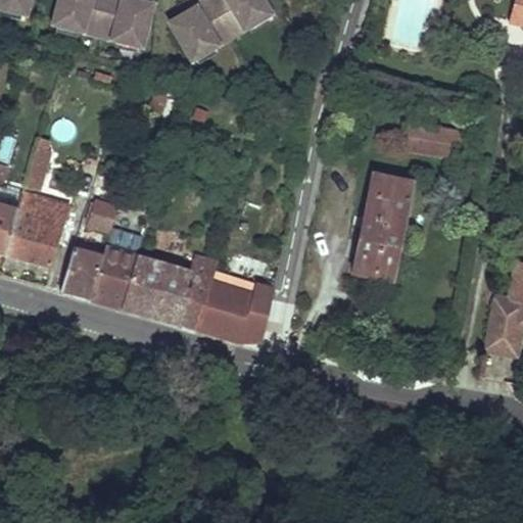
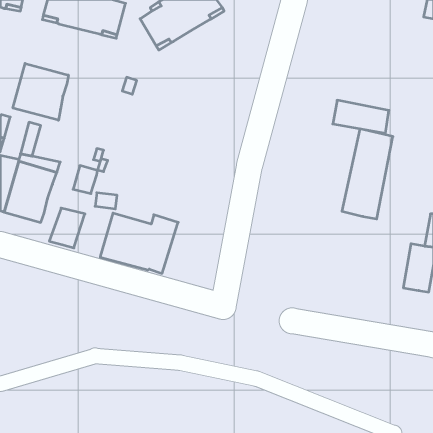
building: none -> [13,63,68,120]
building: [351,173,413,281] -> [342,129,393,219]
building: [90,248,137,308] -> none
building: [196,270,274,343] -> none

